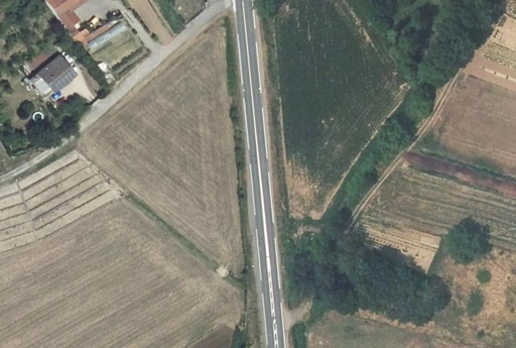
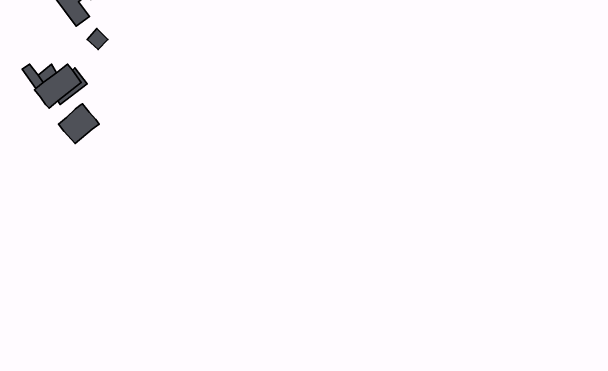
building: none -> [58,104,99,144]

